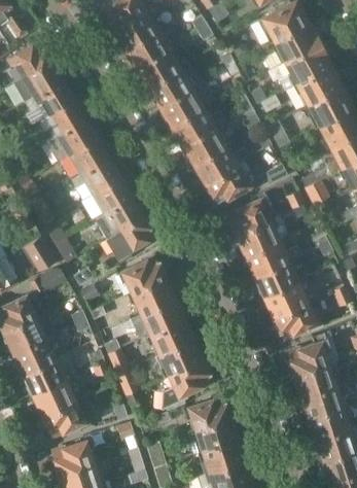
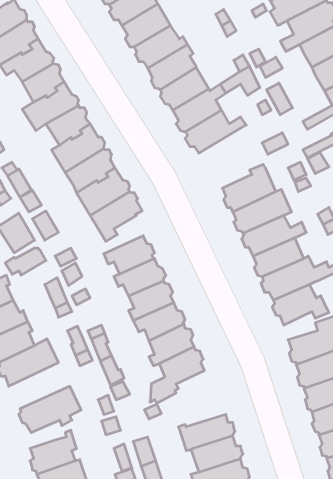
building: [202,160,255,204] -> none
building: [32,373,87,415] -> none
building: [184,396,230,431] -> none

